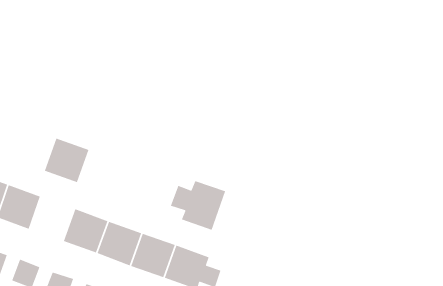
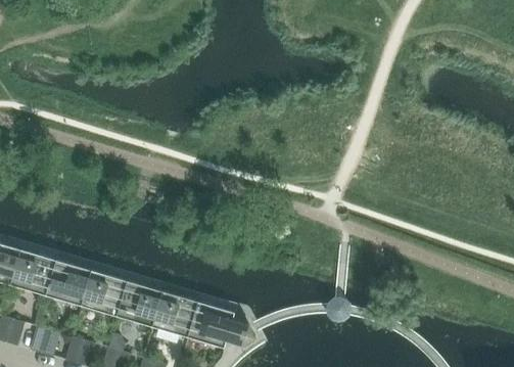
building: [44,138,89,183] -> [45,258,91,304]
building: [170,180,226,231] -> none

